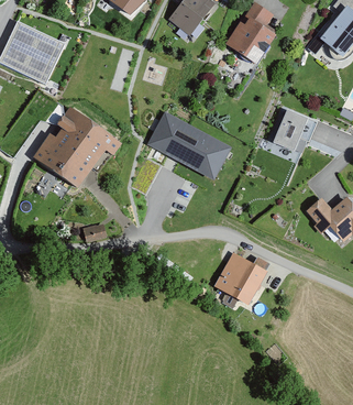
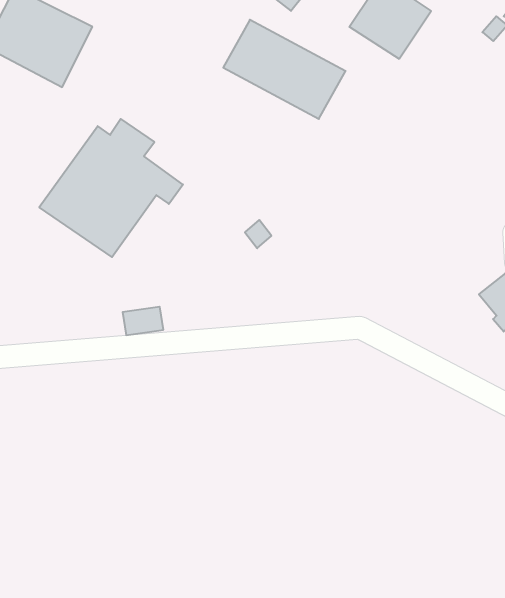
building: [272,108,316,150] -> none
building: [151,112,227,174] -> [223,20,346,119]
building: [214,254,269,305] -> none

